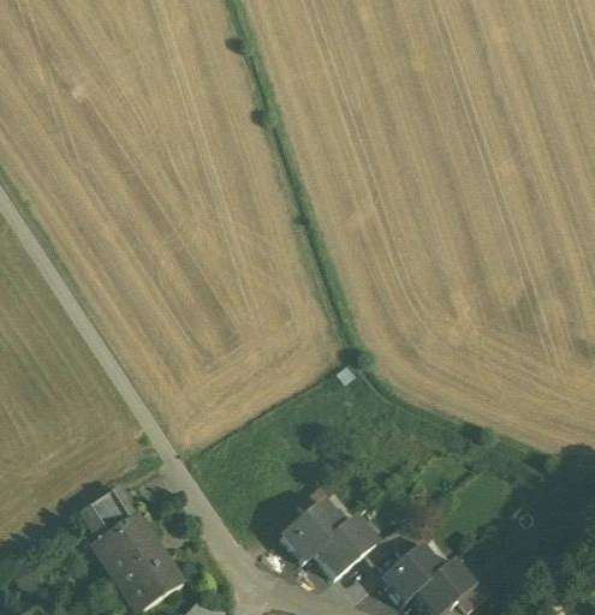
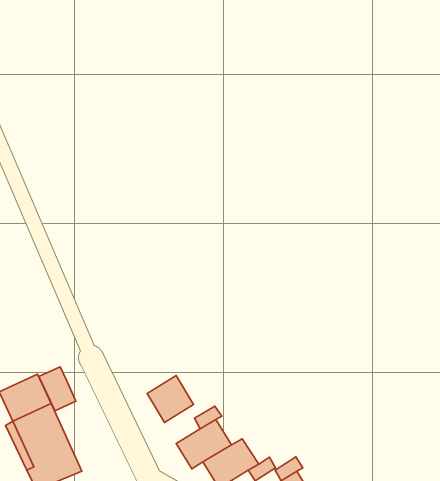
building: none -> [147,376,194,422]
building: none -> [39,367,76,411]

